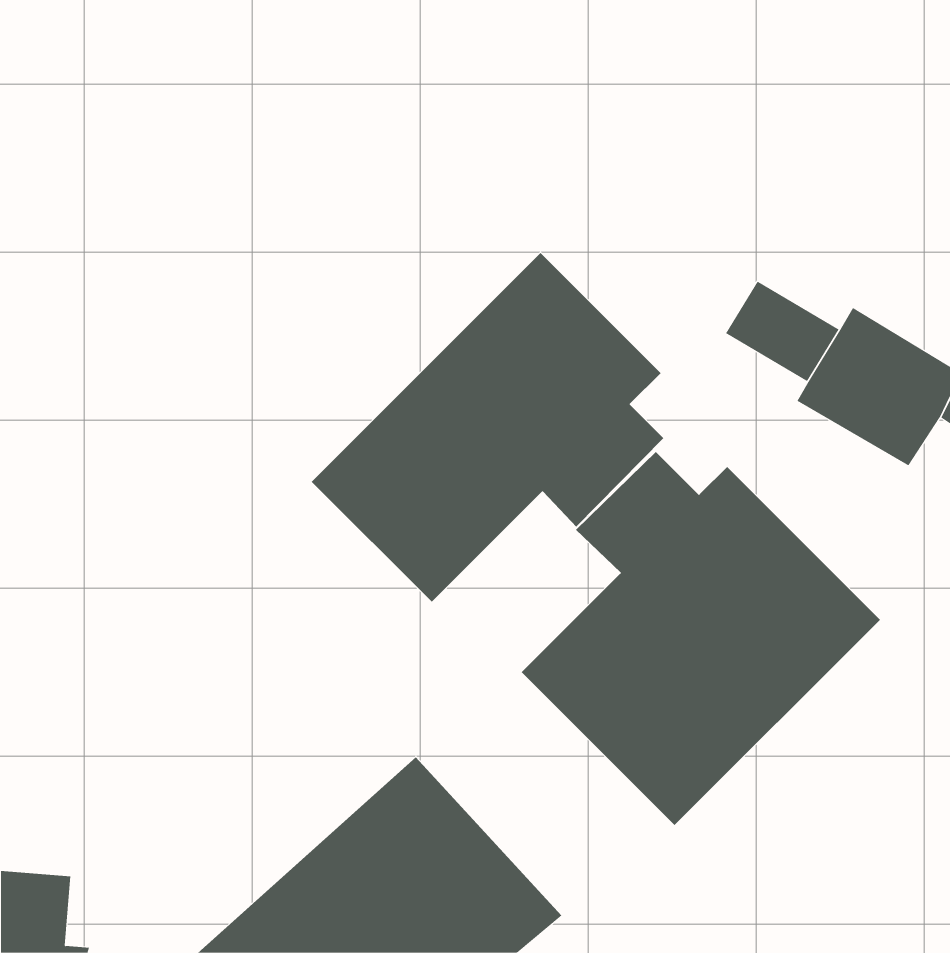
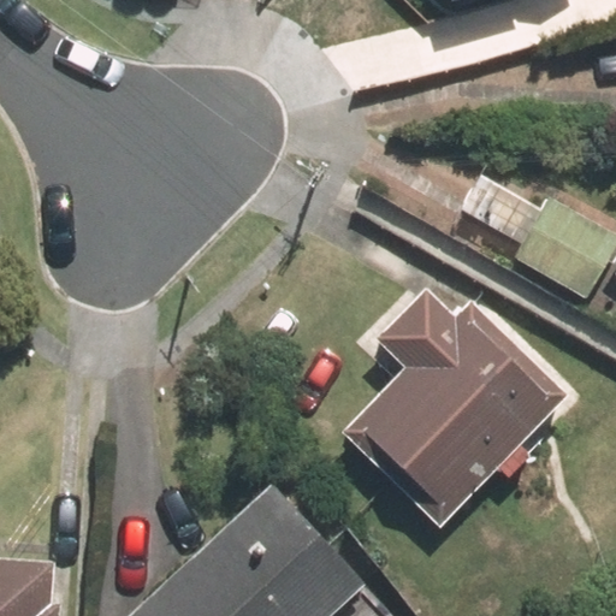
building: [311,252,664,603] -> none

